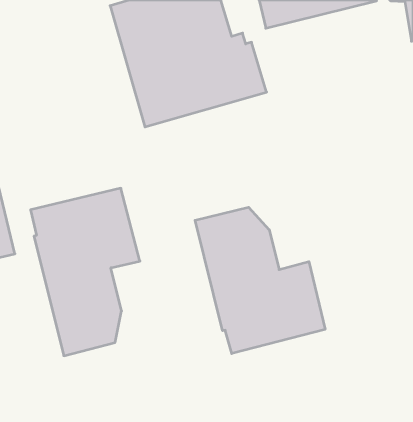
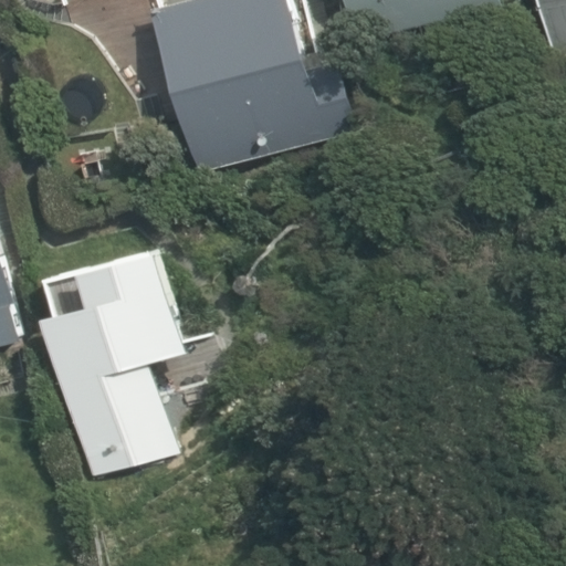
building: [195,207,325,354] -> none

